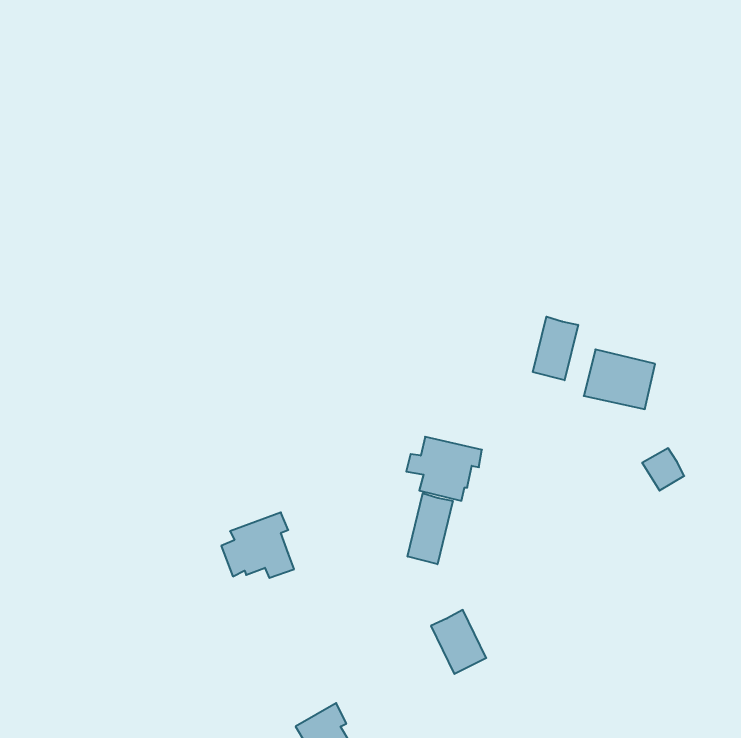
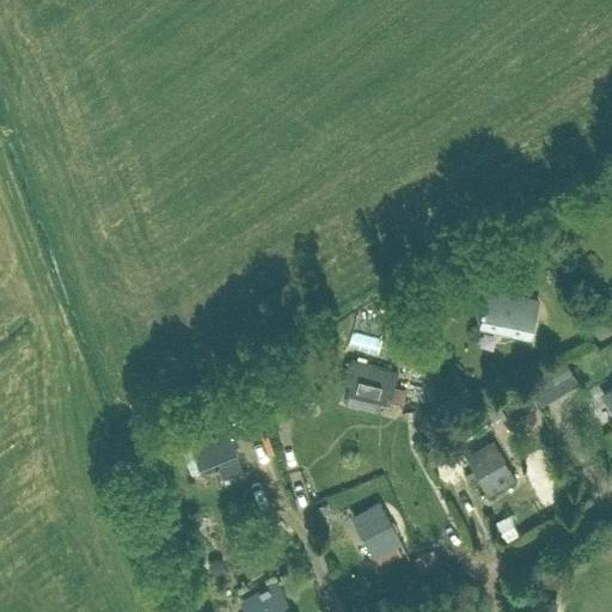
building: [533,317,578,380] -> none
building: [408,493,453,564] -> none
building: none -> [470,443,516,496]

